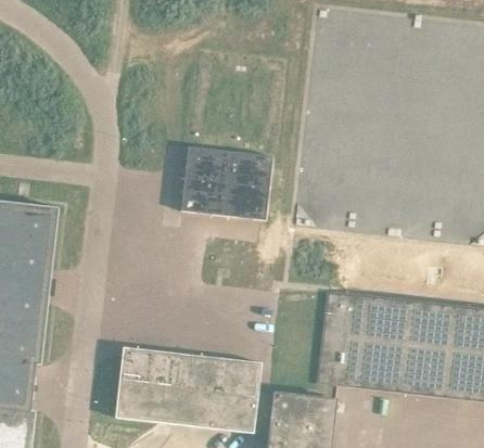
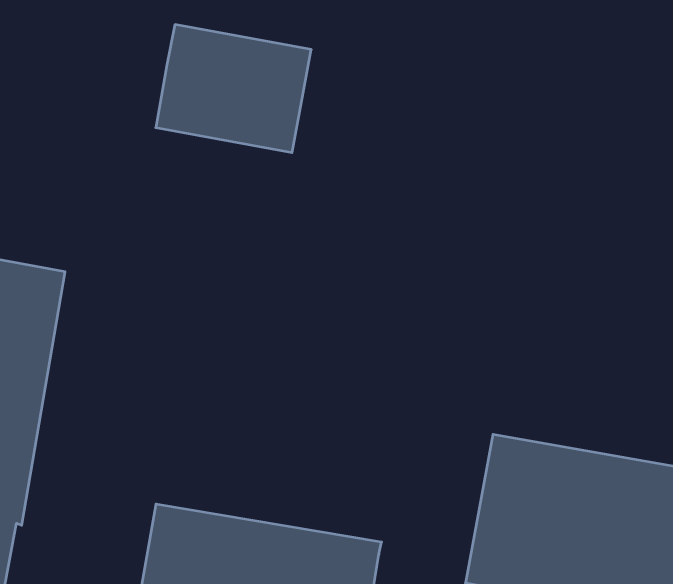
building: [180,146,272,220] -> [156,25,311,153]

